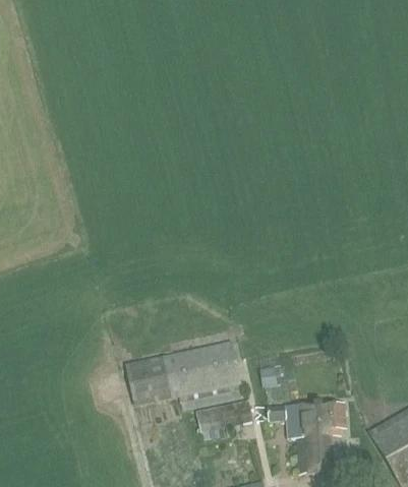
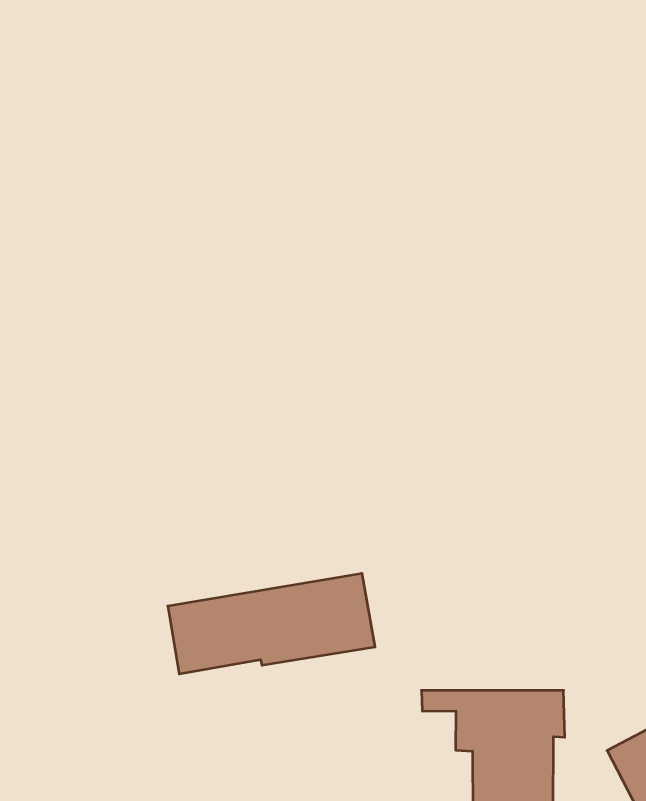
building: [193,395,251,429] -> none

